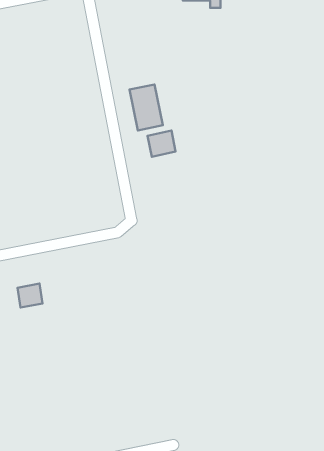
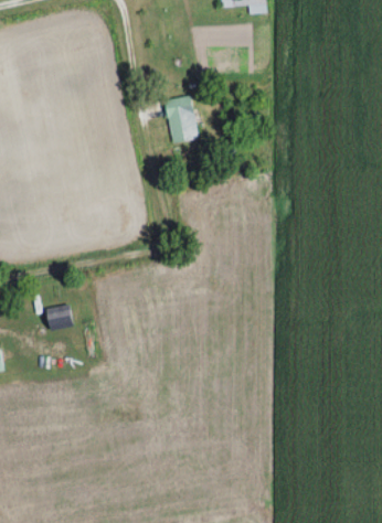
building: [148,130,176,157] -> none

